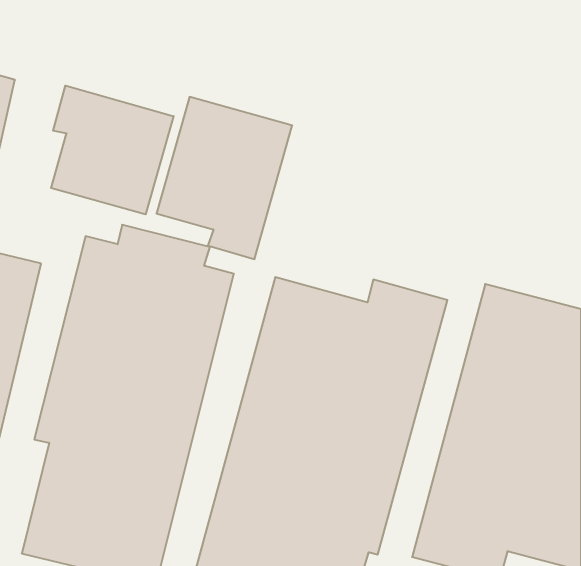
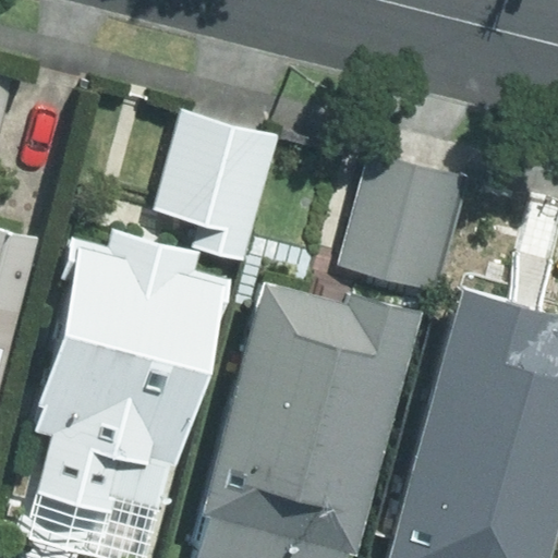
building: [51,86,174,214] -> none
building: none -> [338,156,468,298]

